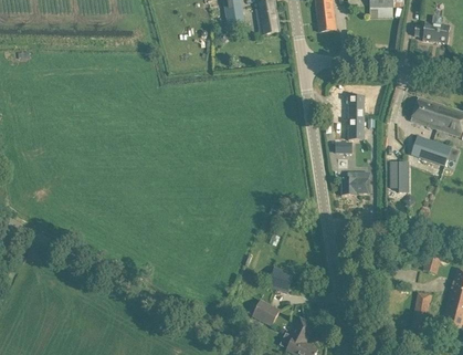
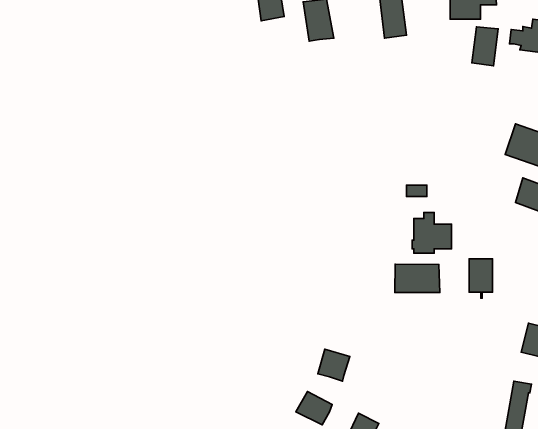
building: none -> [472,27,498,66]
building: [346,95,364,139] -> none
building: [389,161,407,191] -> [469,259,492,298]
building: none -> [395,264,440,292]

